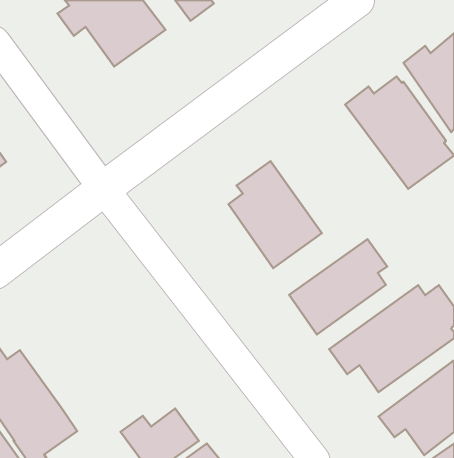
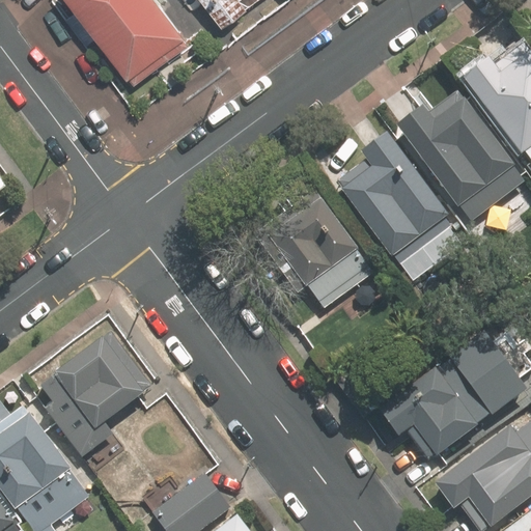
building: none -> [335,131,450,264]
building: [289,239,387,334] -> none
building: none -> [38,335,147,458]

